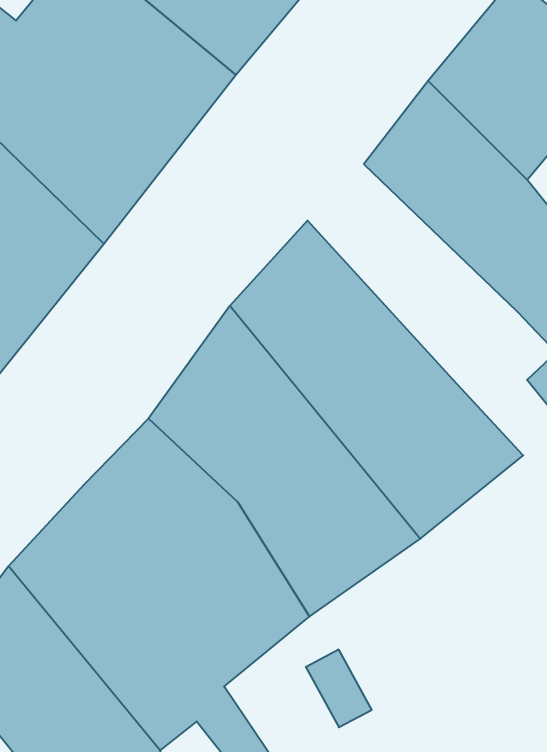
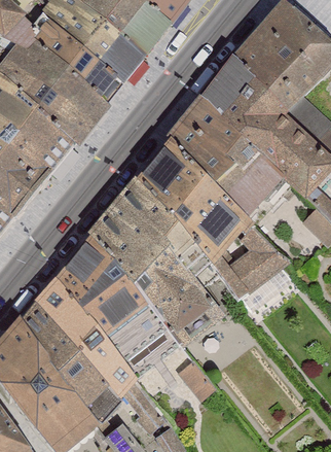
building: none -> [180,98,291,212]

